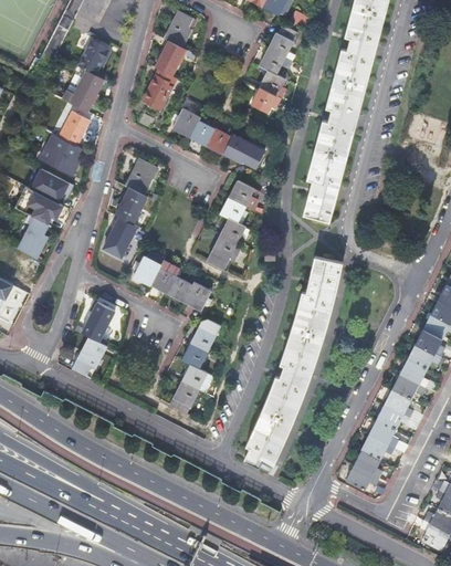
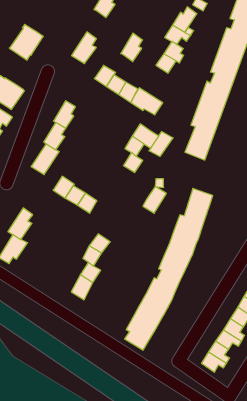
building: [156,40,182,76] -> [121,33,143,62]
building: [78,41,108,75] -> none
building: [60,112,91,146] -> none
building: none -> [149,132,173,156]
building: [209,235,238,270] -> [143,187,166,213]
building: [185,281,212,310] -> none

